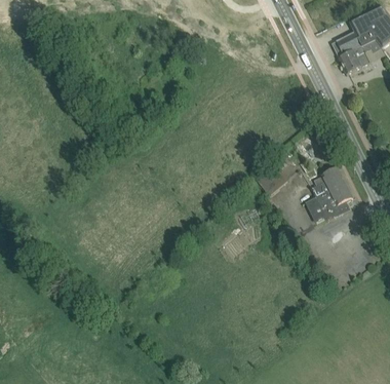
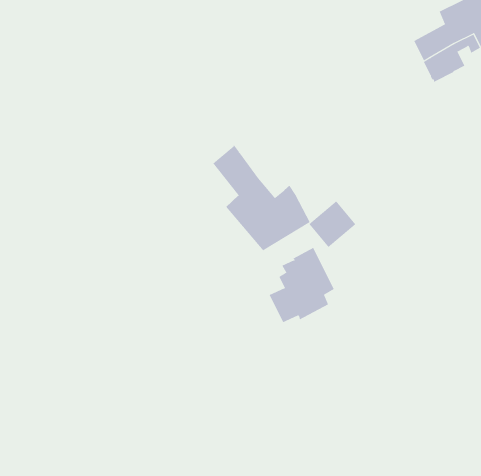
building: none -> [213,144,310,251]
building: [305,165,353,221] -> [269,247,335,323]

